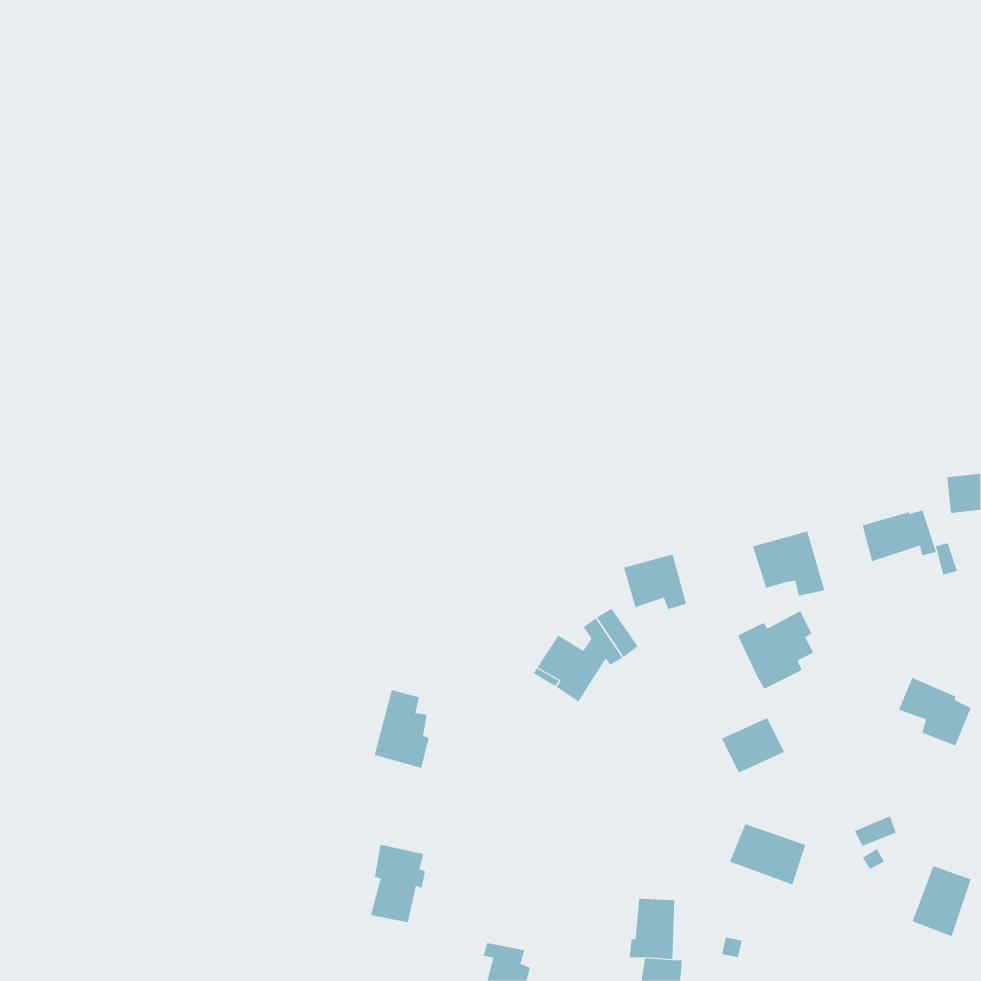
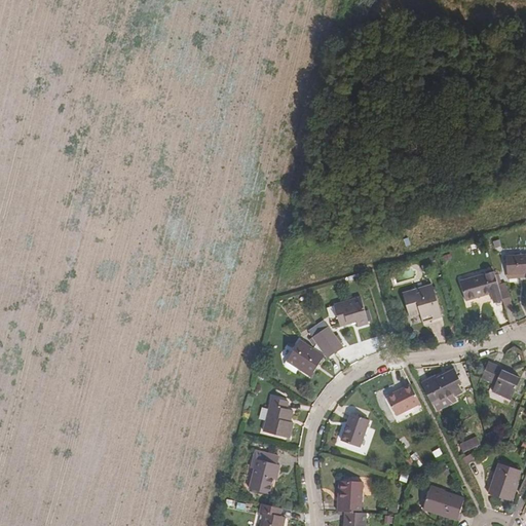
building: [737,610,814,689] -> [419,367,460,409]
building: [374,690,430,768] -> [262,396,292,438]
building: none -> [340,412,369,446]
building: [729,824,806,885] -> [421,486,462,519]
building: [370,844,426,923] -> [248,450,277,492]

